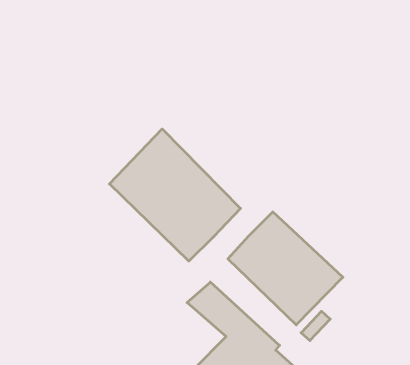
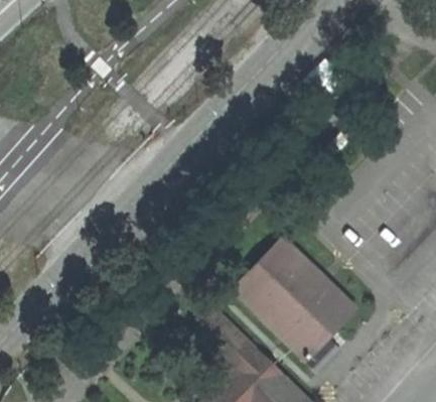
building: [109,129,241,261] -> none

